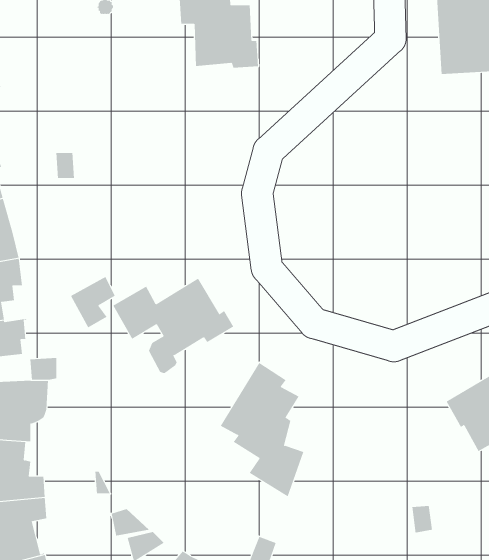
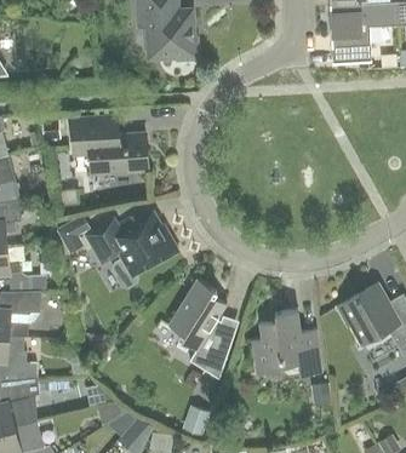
building: none -> [70,115,148,173]
building: none -> [252,309,321,374]

